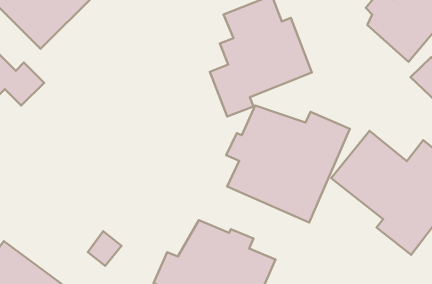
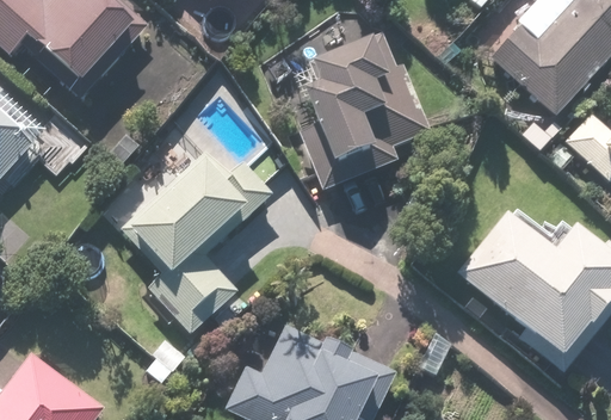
building: none -> [122,152,276,335]
building: [226,105,350,222] -> none

